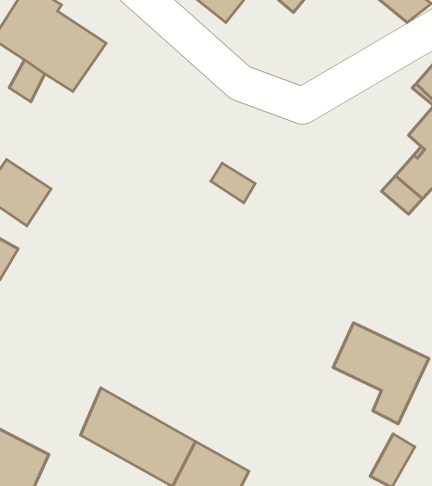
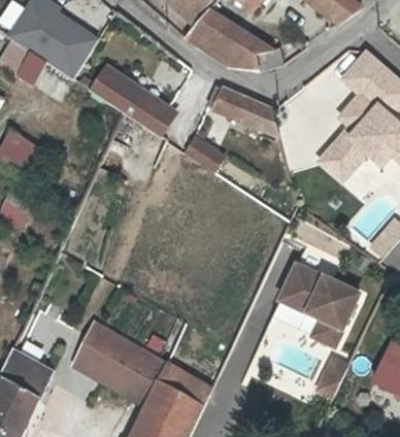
building: none -> [186,11,299,72]
building: none -> [93,68,170,131]
building: none -> [207,86,281,140]

